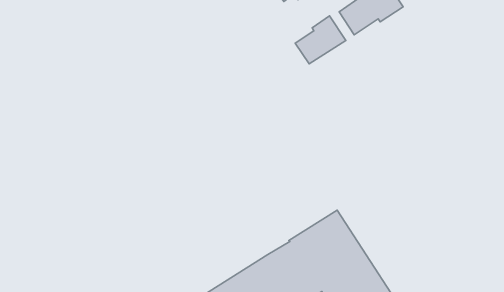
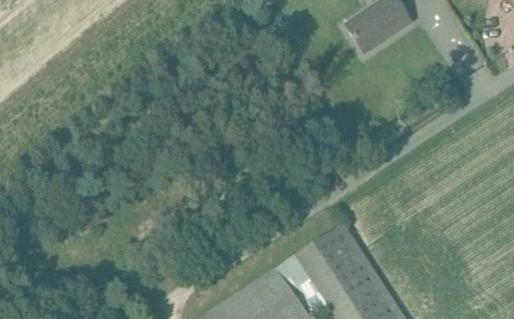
building: [295,16,346,64] -> none

